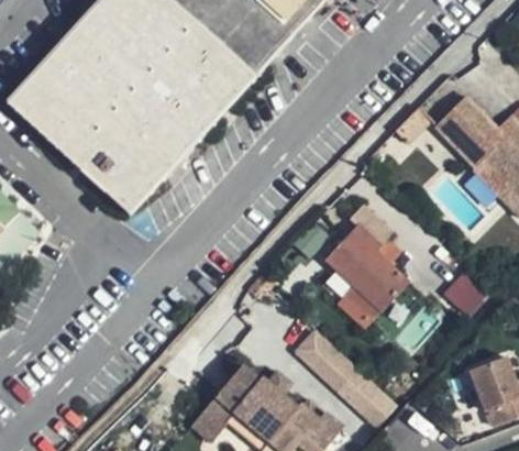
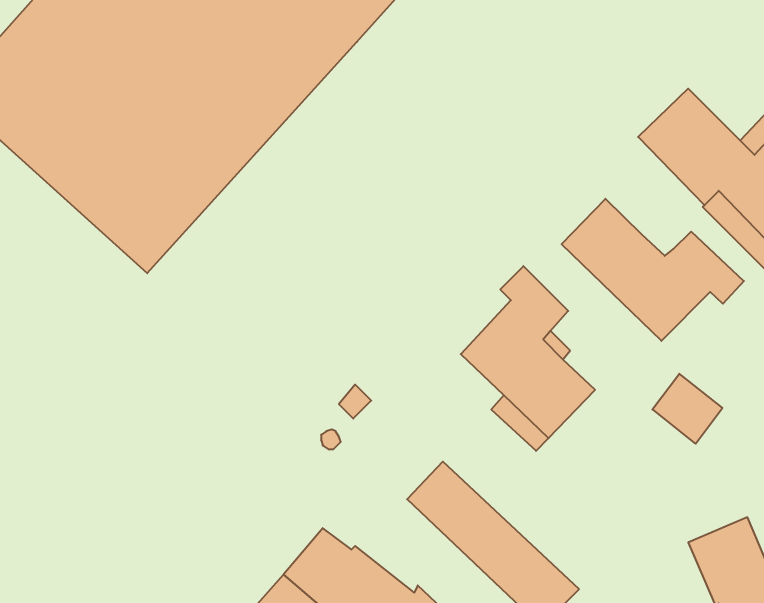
building: none -> [562,199,744,341]

